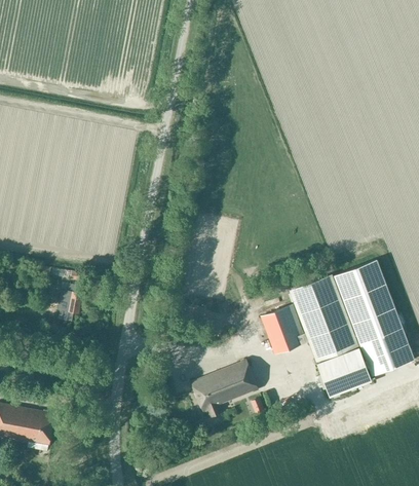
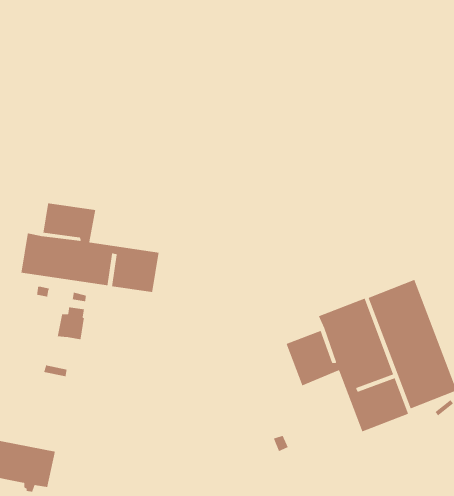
building: none -> [21,202,160,293]
building: [191,359,259,420] -> none

